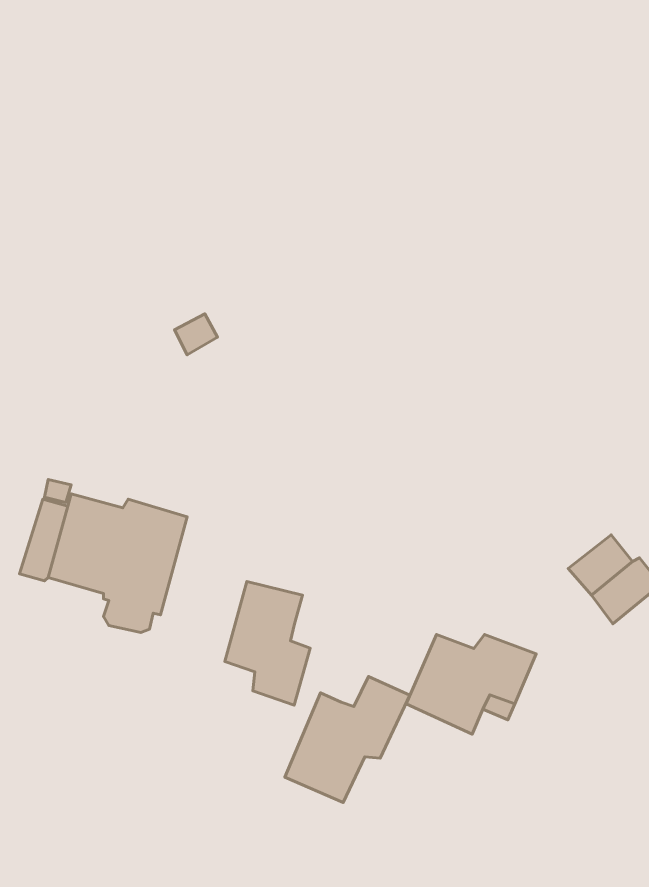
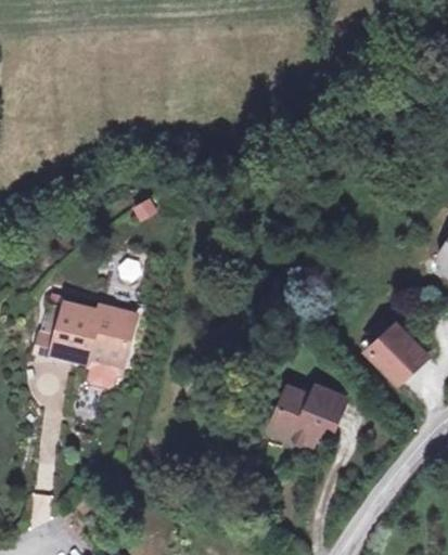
building: [225,582,310,705] -> none
building: [285,677,410,803] -> none

